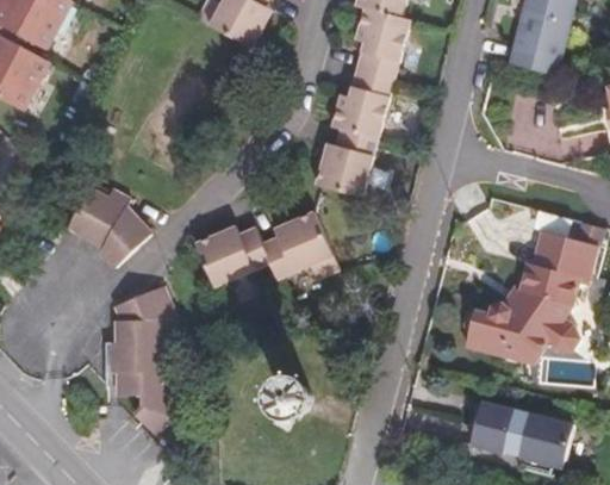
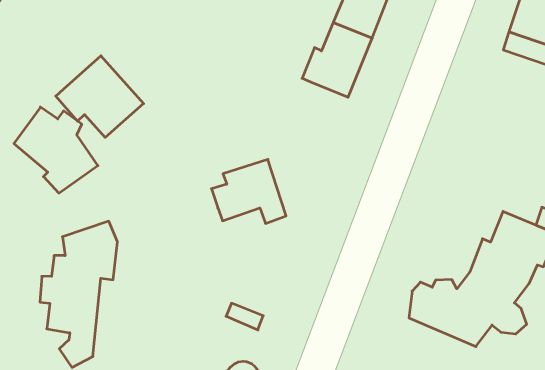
building: none -> [56,56,144,137]
building: [317,130,379,195] -> none
building: [194,230,266,287] -> none

